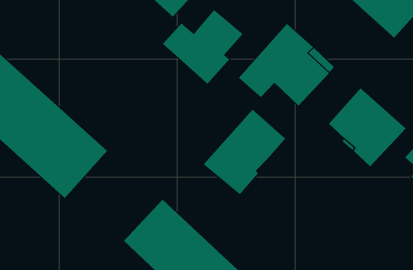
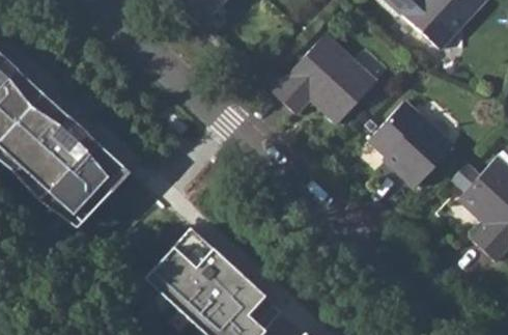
building: [162,9,243,84] -> none
building: [203,109,286,195] -> none

